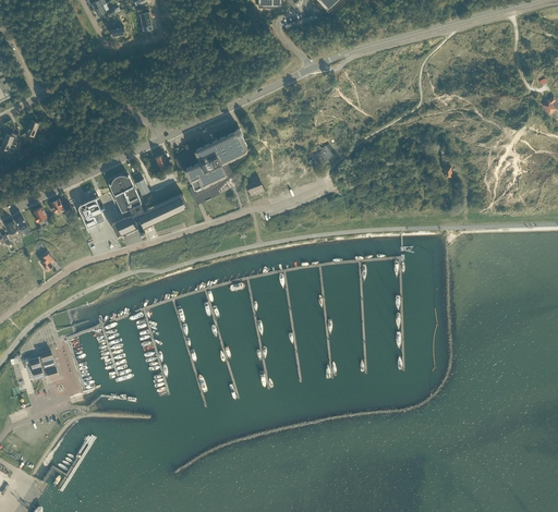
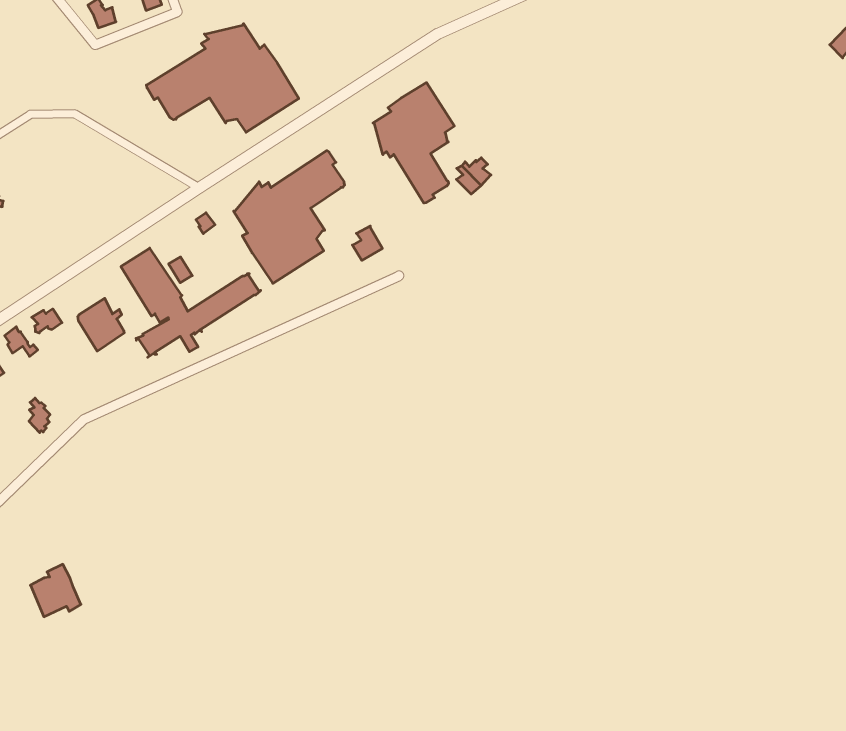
building: none -> [146,24,299,132]
building: none -> [373,83,454,203]

